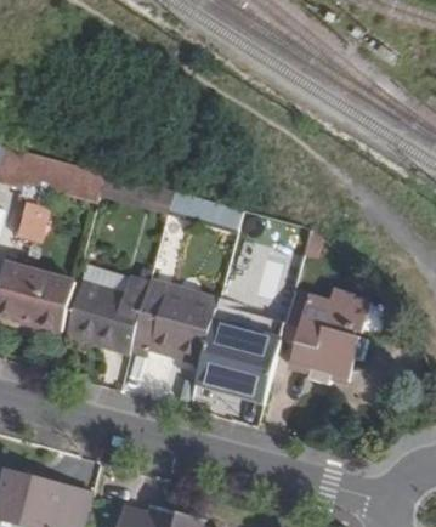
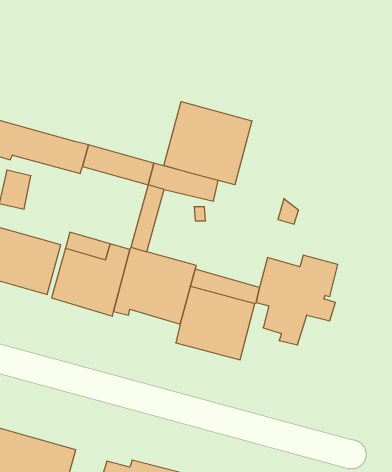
building: none -> [164,102,252,185]

